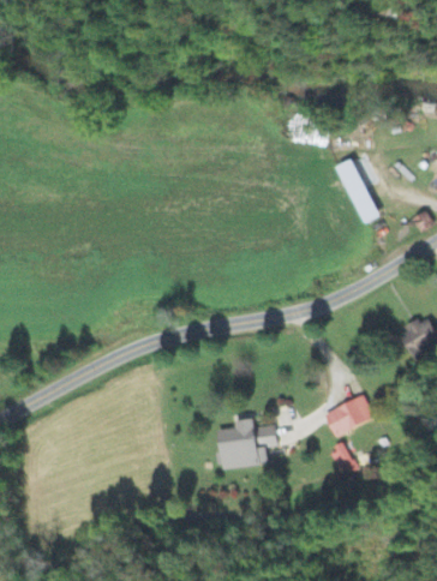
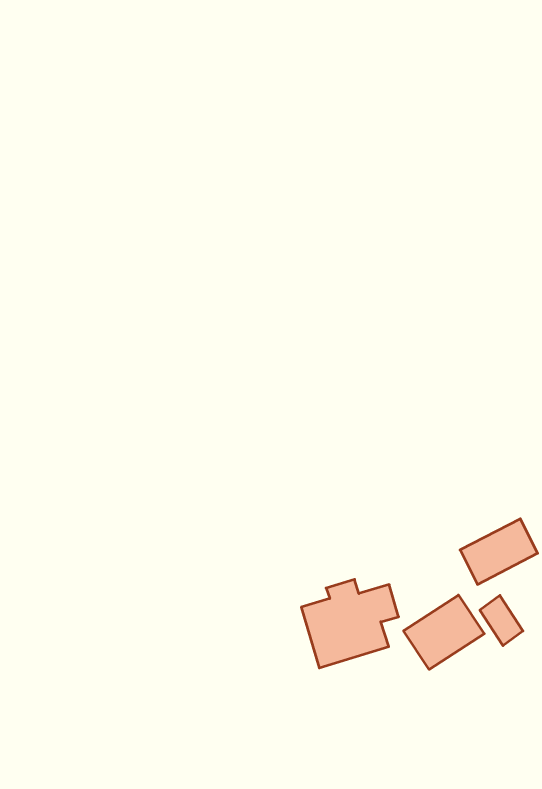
building: [335,158,382,224] -> none
building: none -> [404,595,484,669]

